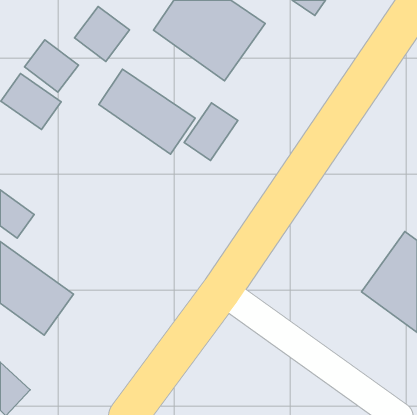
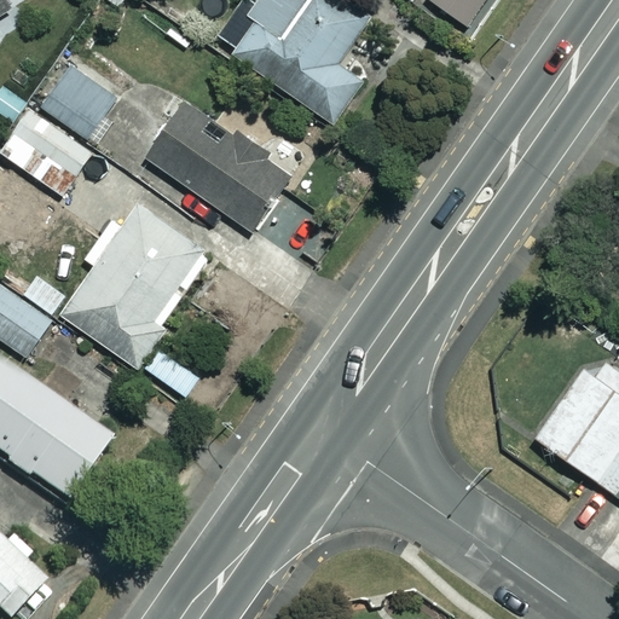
building: [74,6,130,62] -> none
building: [184,103,238,160] -> none
building: none -> [62,206,202,368]

